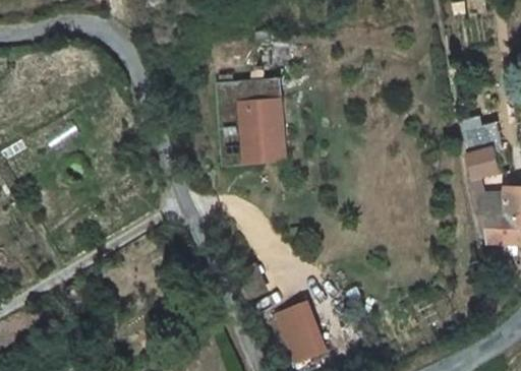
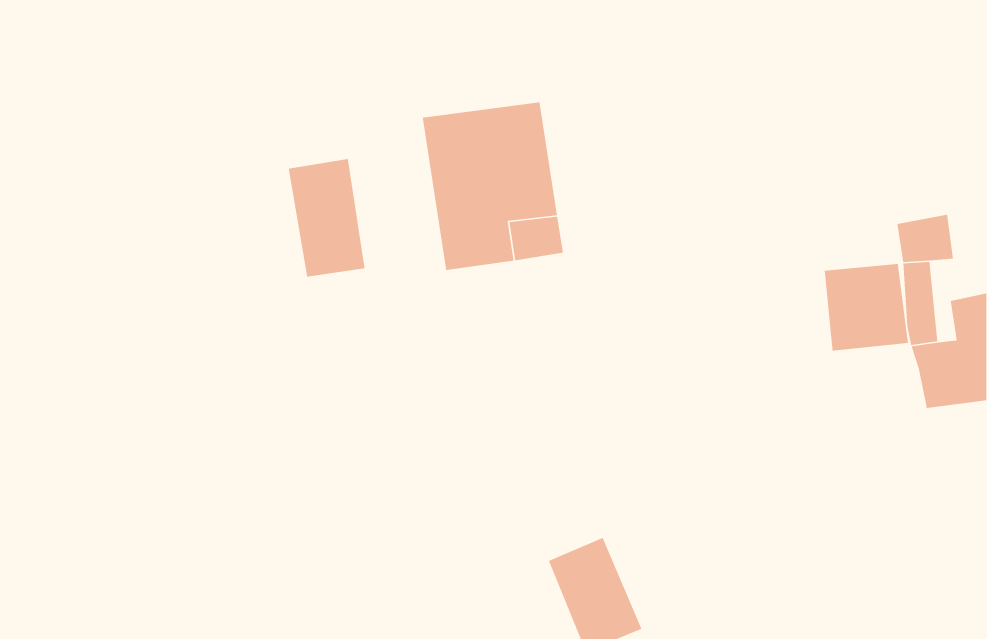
building: none -> [288,158,366,278]
building: none -> [824,263,909,351]

